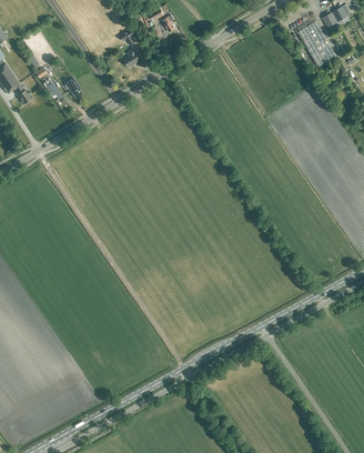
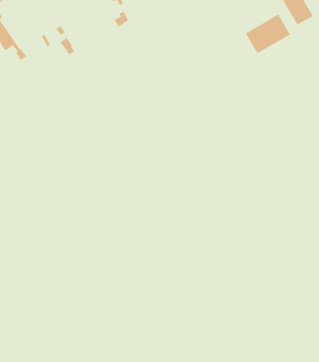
building: none -> [245,14,291,54]

